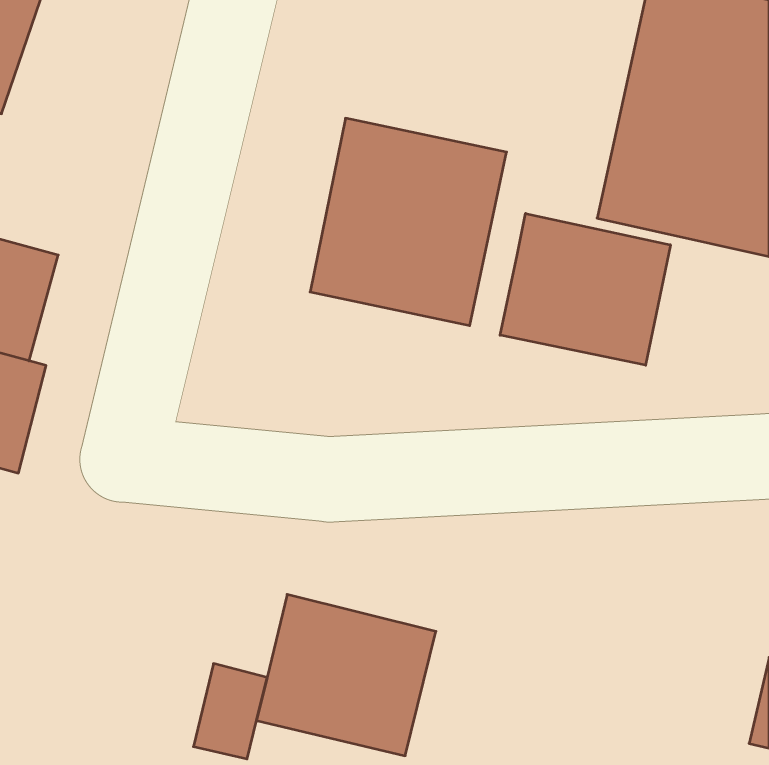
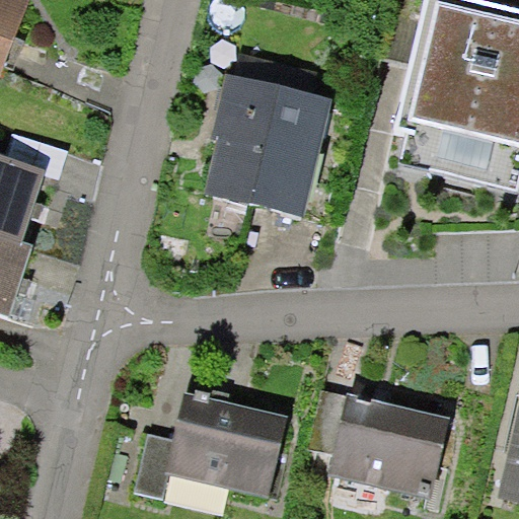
building: [500,213,670,365] -> none
building: none -> [335,386,453,493]

